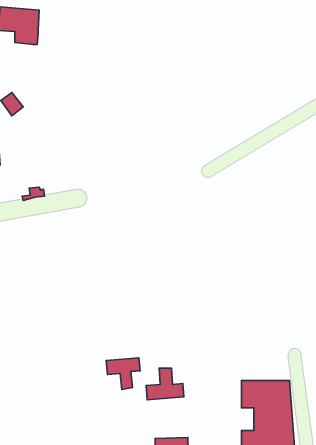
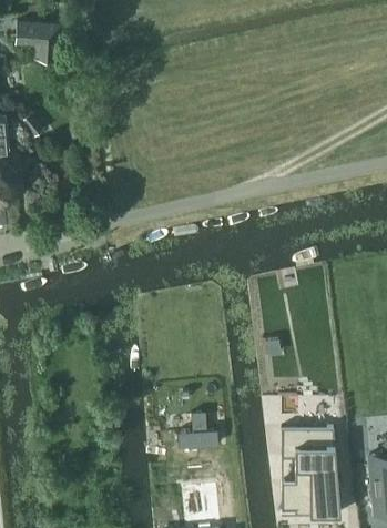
building: [106,358,140,390] -> none

